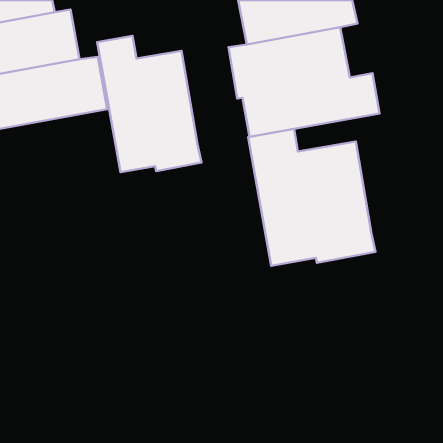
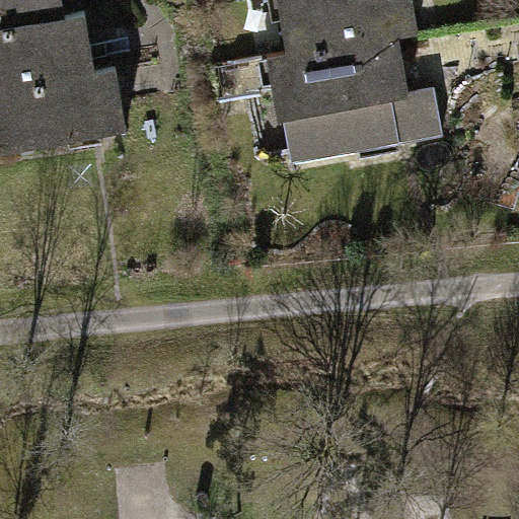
building: [97,36,201,172] -> none
building: [248,129,376,266] -> none

